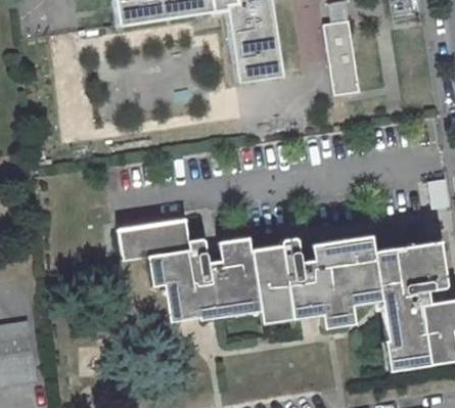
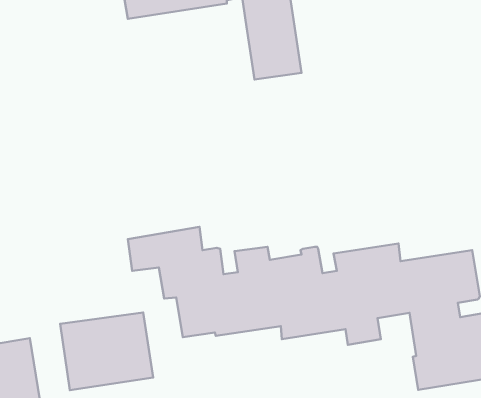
building: [325,20,362,95] -> none
building: none -> [60,313,153,390]

